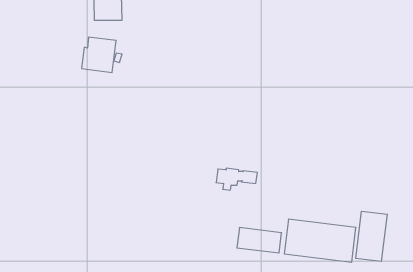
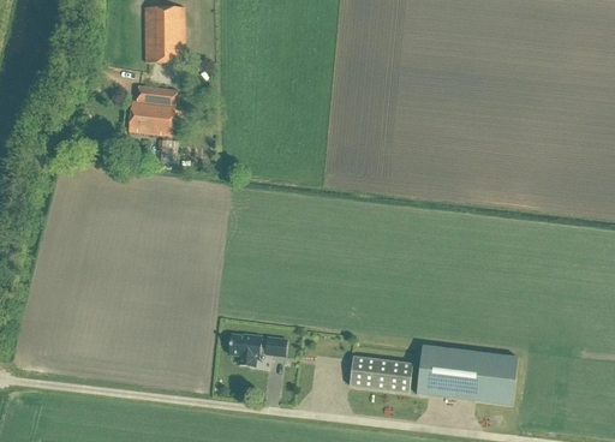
building: [216,168,257,190] -> [228,333,287,364]
building: [356,211,387,261] -> none

